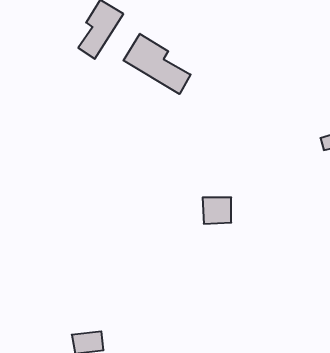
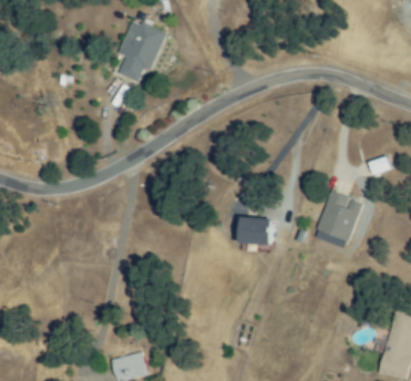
building: [123,34,191,94] -> none
building: none -> [317,193,357,244]

